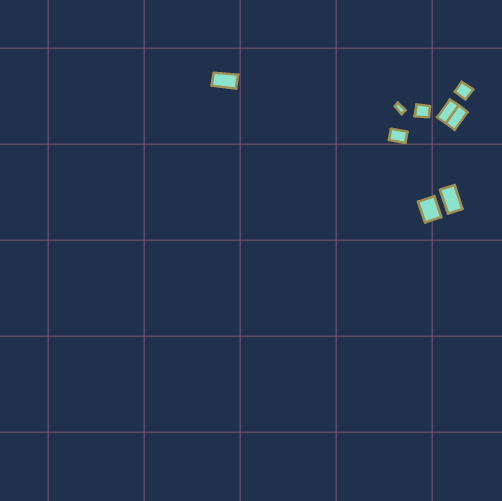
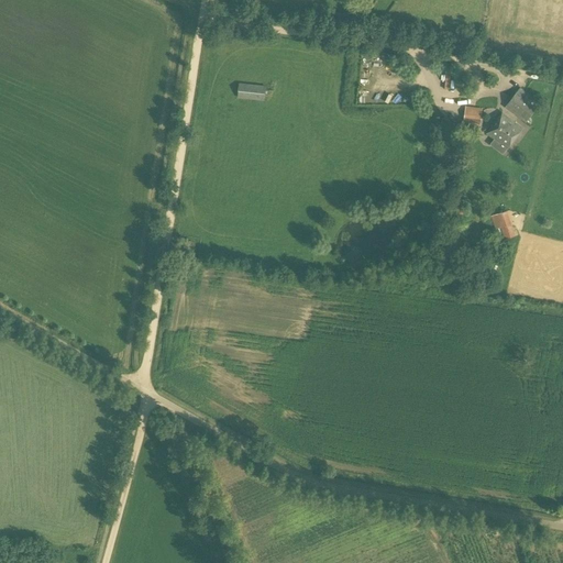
building: [418,196,441,223] -> none

